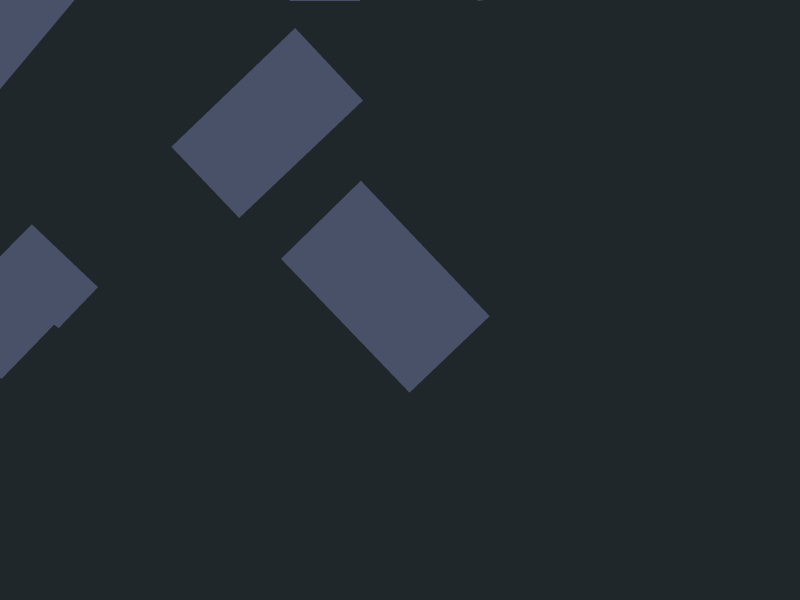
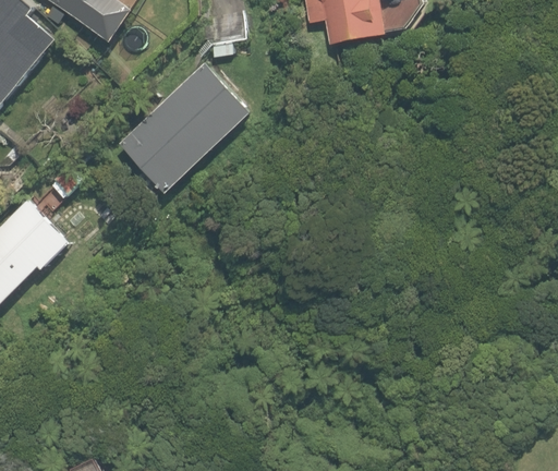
building: [280,180,490,393] -> none

